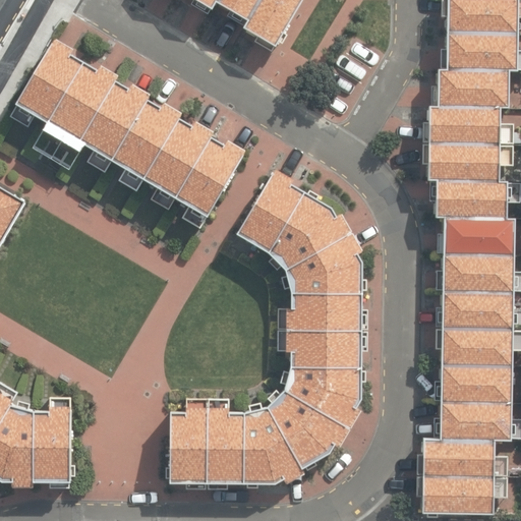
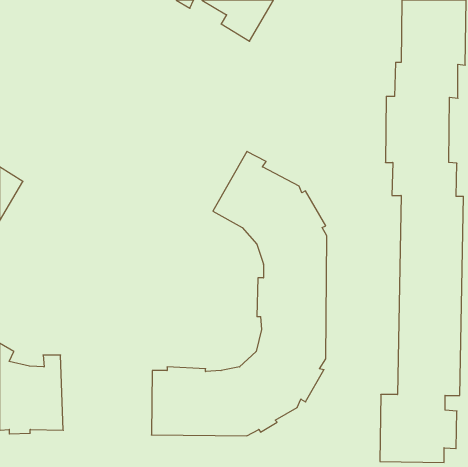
building: [14,38,244,216] -> none

